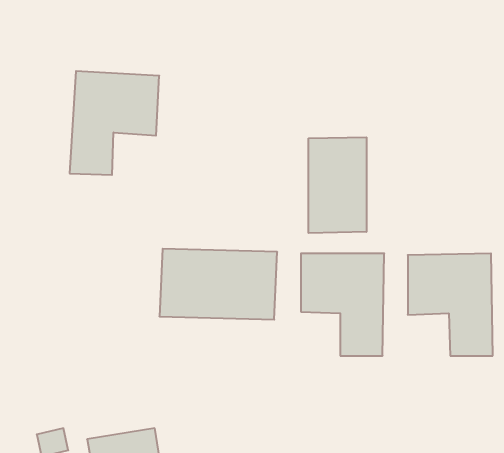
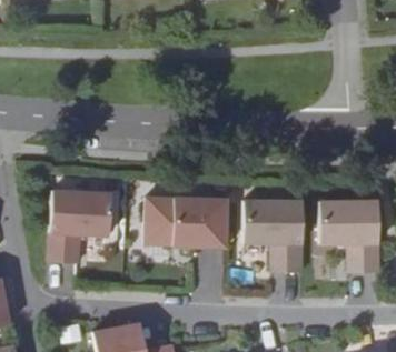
building: [70,71,159,175] -> [49,191,112,264]
building: [309,137,366,233] -> none

